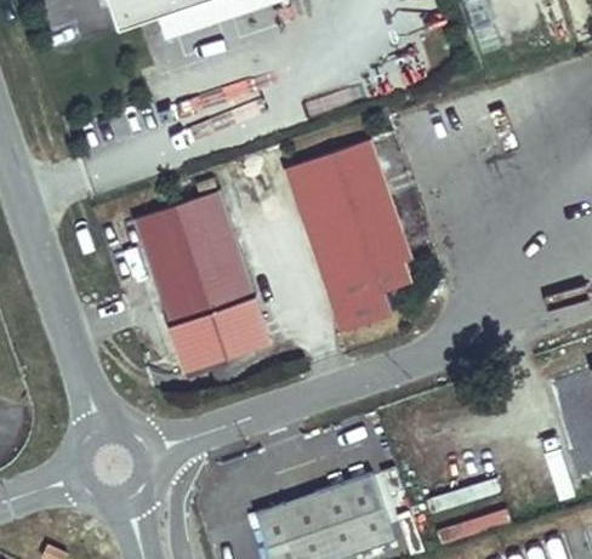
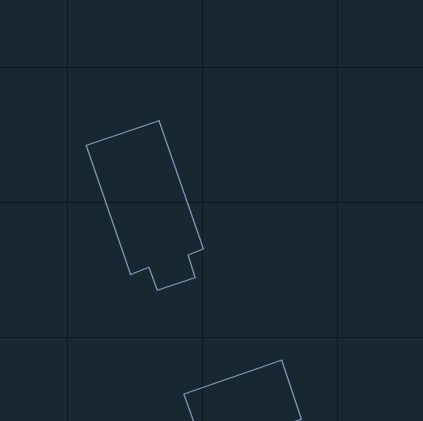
building: [285,139,409,332] -> none

